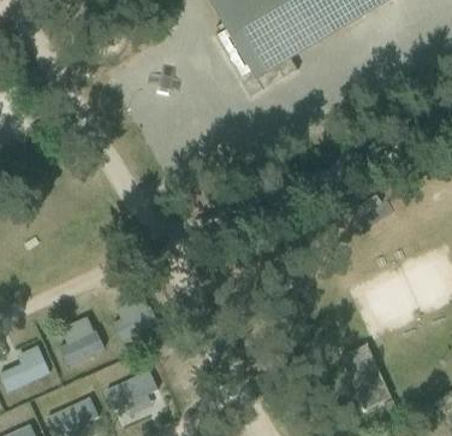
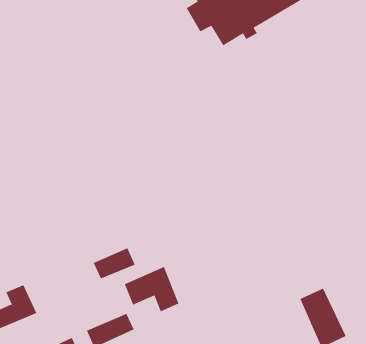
building: [64,317,108,359] -> none
building: none -> [124,266,179,312]

